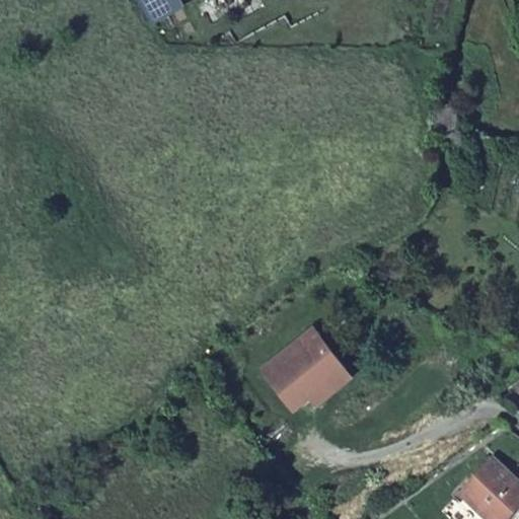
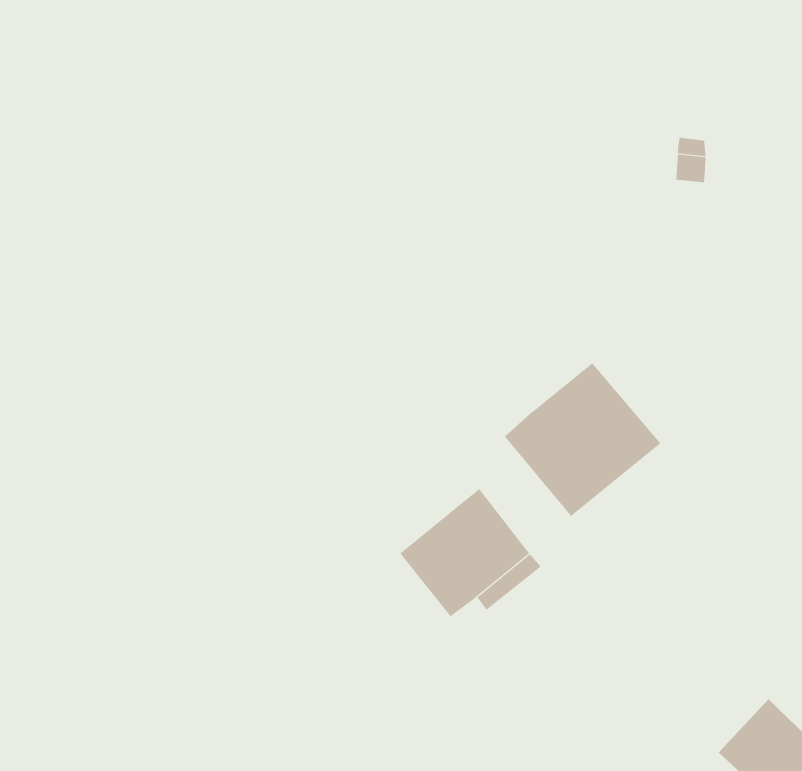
building: none -> [504,363,661,517]

